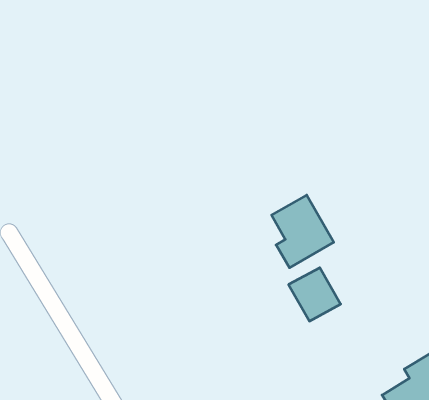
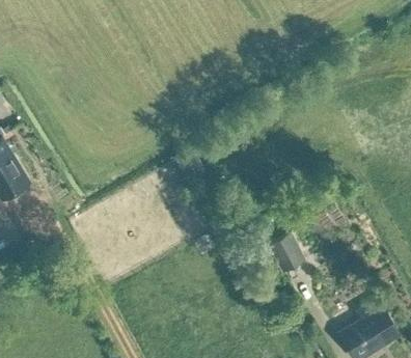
building: [272,195,334,268] -> none

